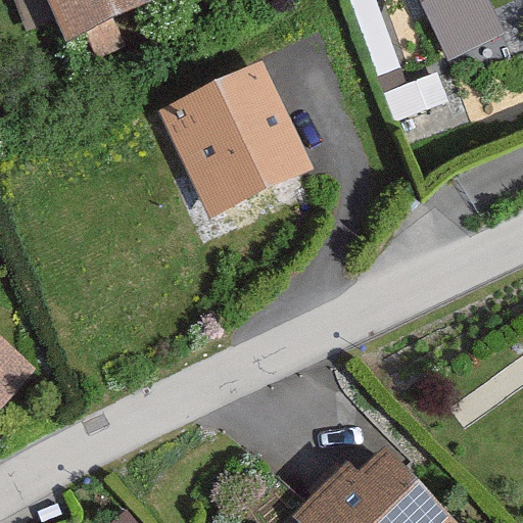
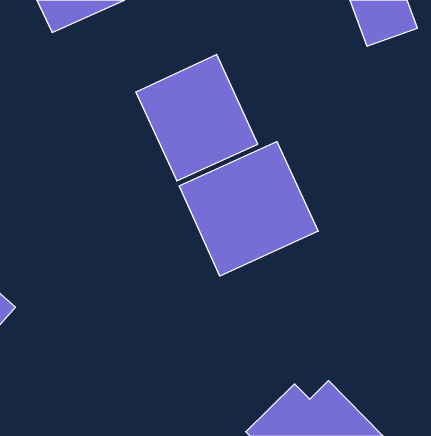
building: none -> [179,142,318,276]

